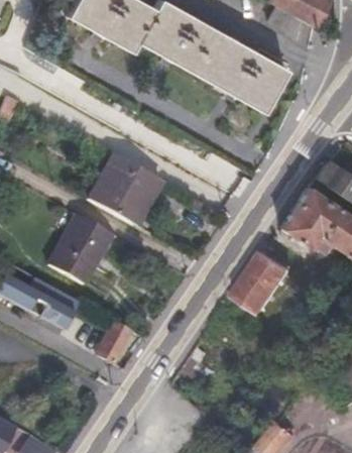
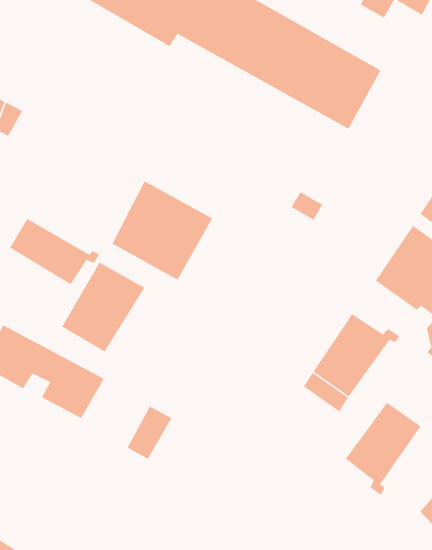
building: none -> [9,218,100,285]
building: none -> [345,402,421,496]

